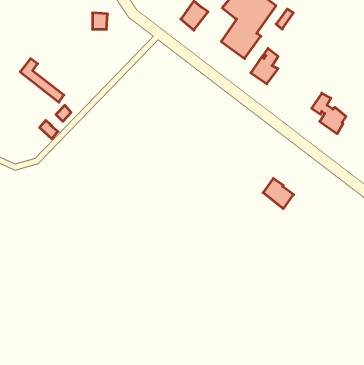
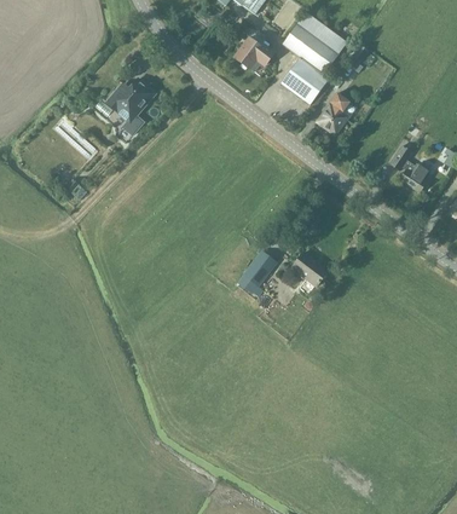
building: none -> [106,77,156,128]
building: [263,178,294,209] -> [291,252,328,288]
building: none -> [238,249,277,296]

